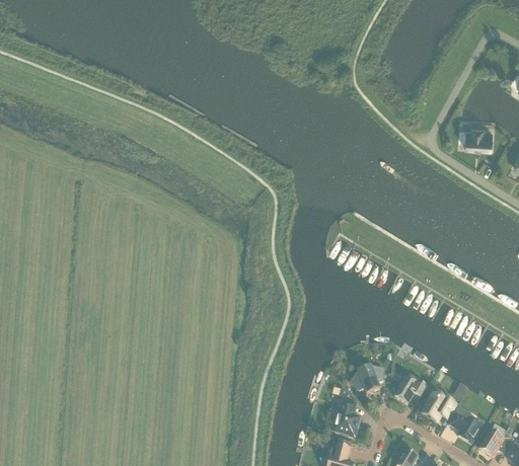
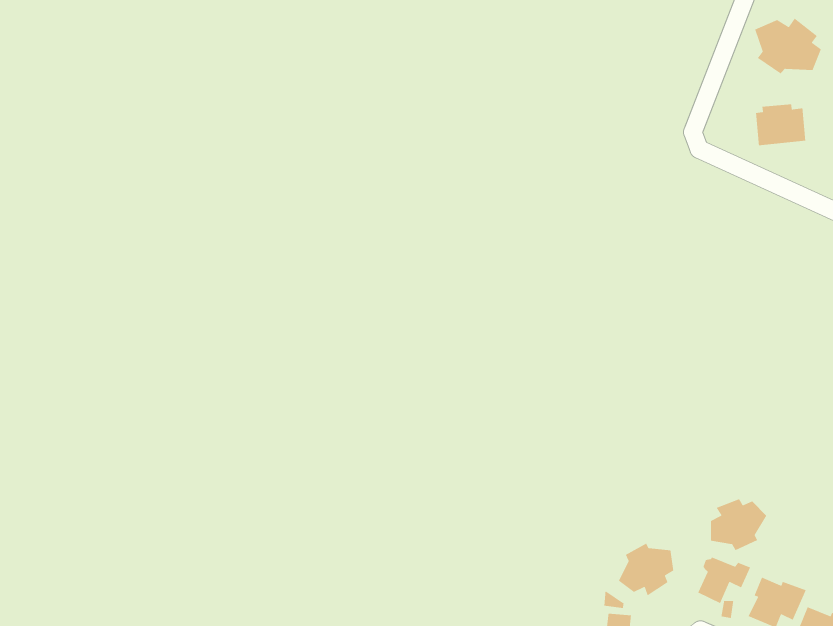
building: none -> [754,18,822,74]
building: none -> [710,498,767,551]

